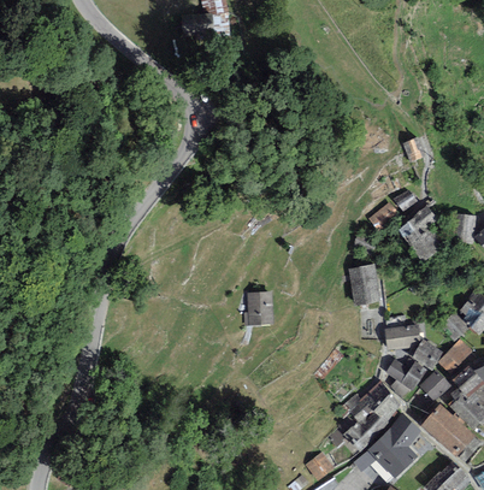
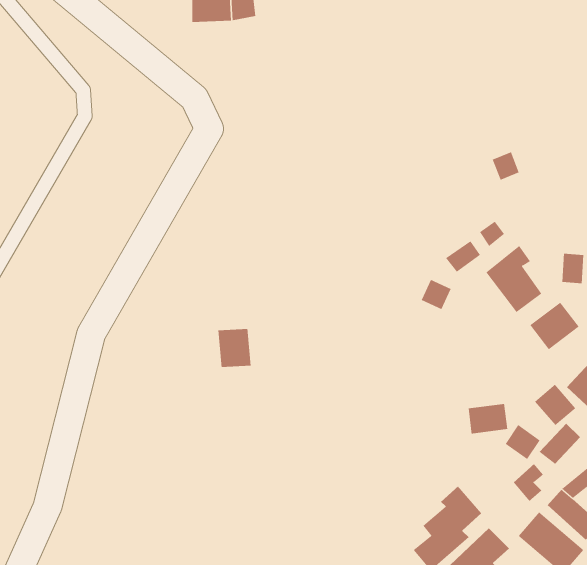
building: none -> [530,302,579,350]
building: [350,265,377,301] -> none
building: [246,294,271,323] -> [217,329,251,367]
building: [386,359,423,389] -> none

